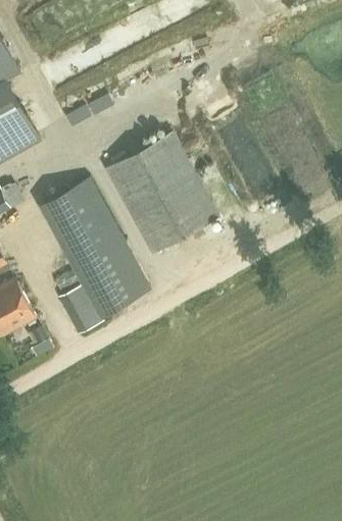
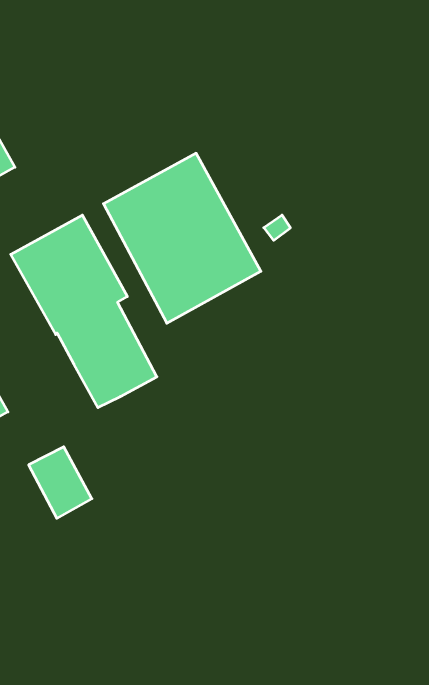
building: [57,282,103,334] -> [29,447,92,518]

